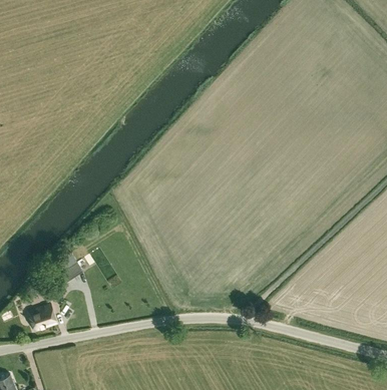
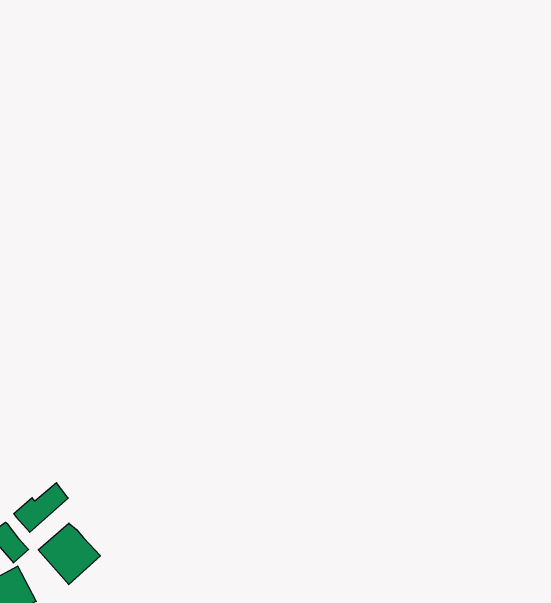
building: none -> [38,523,100,585]

